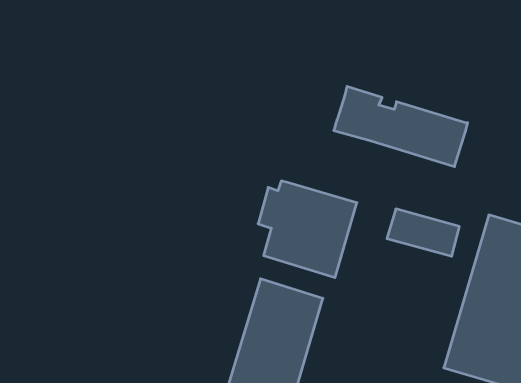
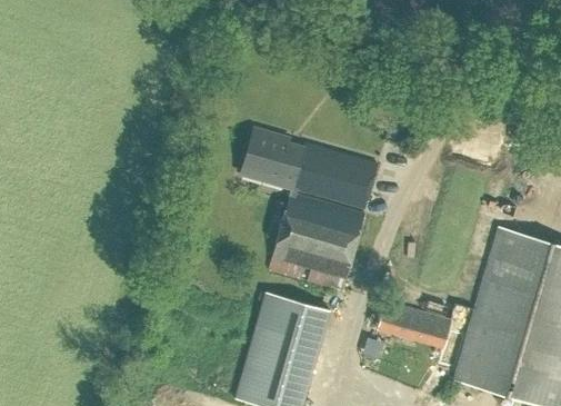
building: [334,86,468,167] -> [241,127,377,208]
building: [387,209,459,256] -> [378,301,451,349]

